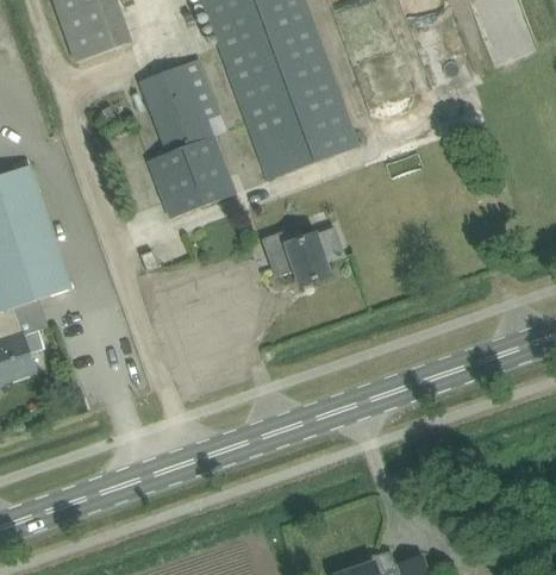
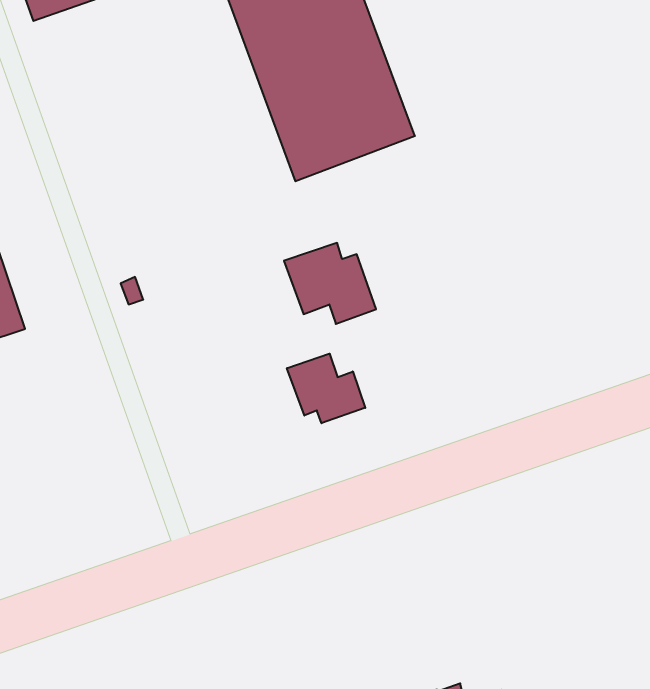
building: [138,58,235,217] -> none
building: none -> [287,354,365,423]

